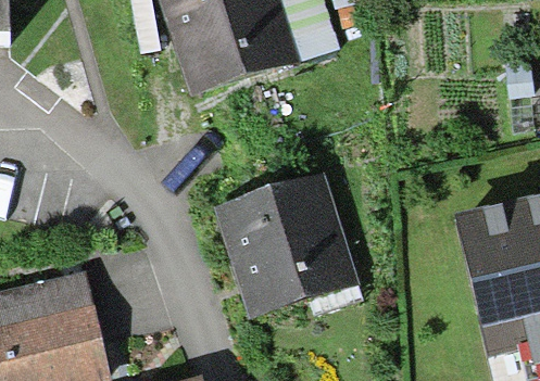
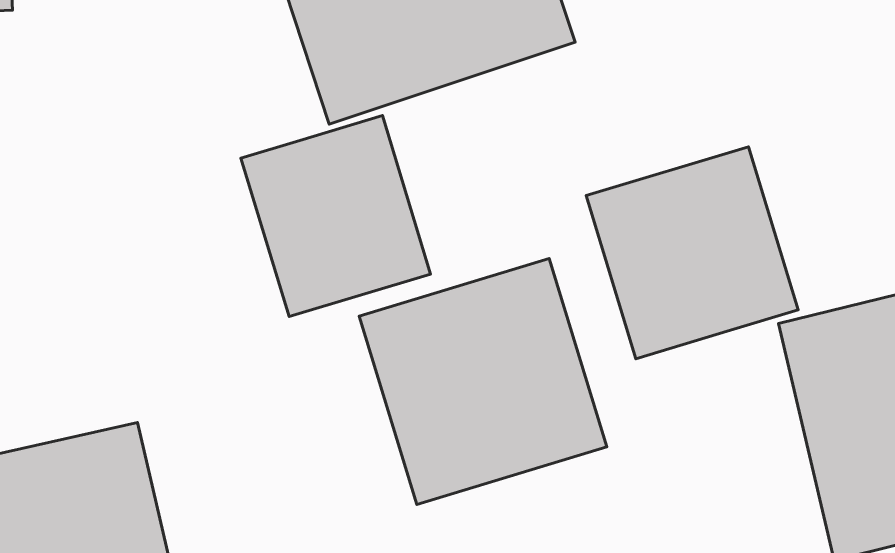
building: none -> [241,115,431,317]
building: none -> [586,147,798,359]

